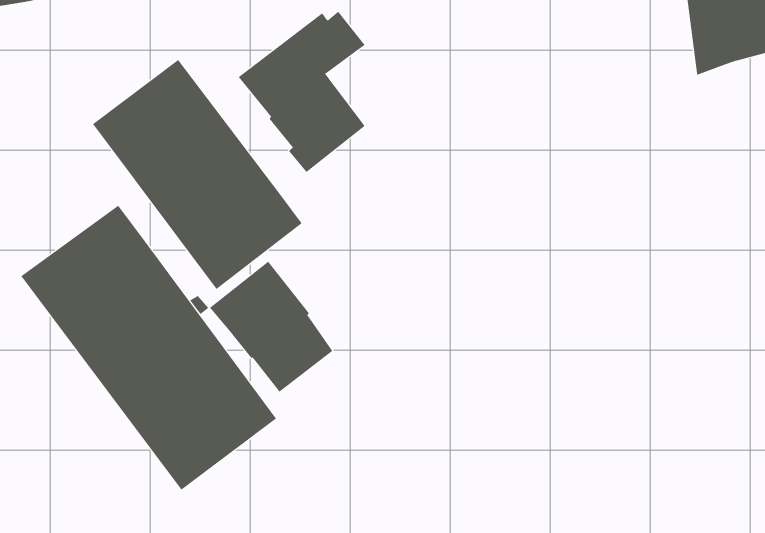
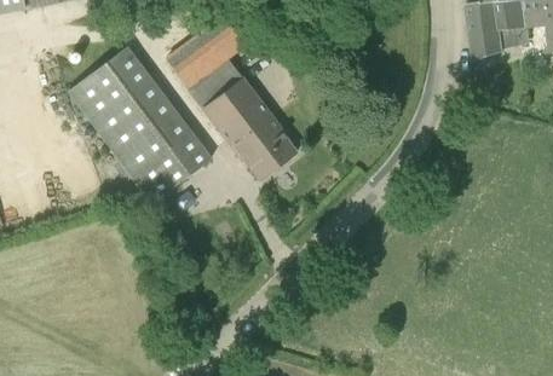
building: [21,205,277,491] -> none
building: [209,261,333,392] -> [213,92,296,180]

